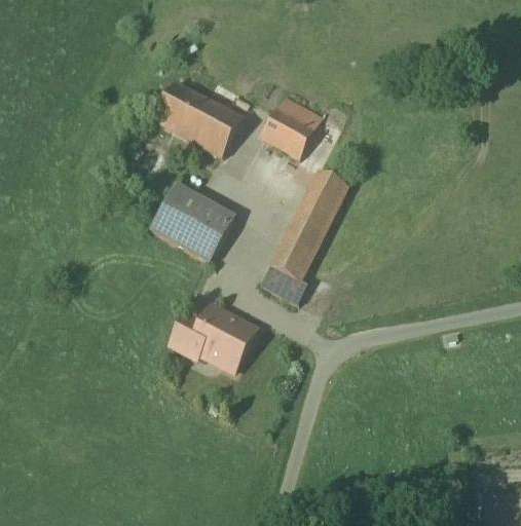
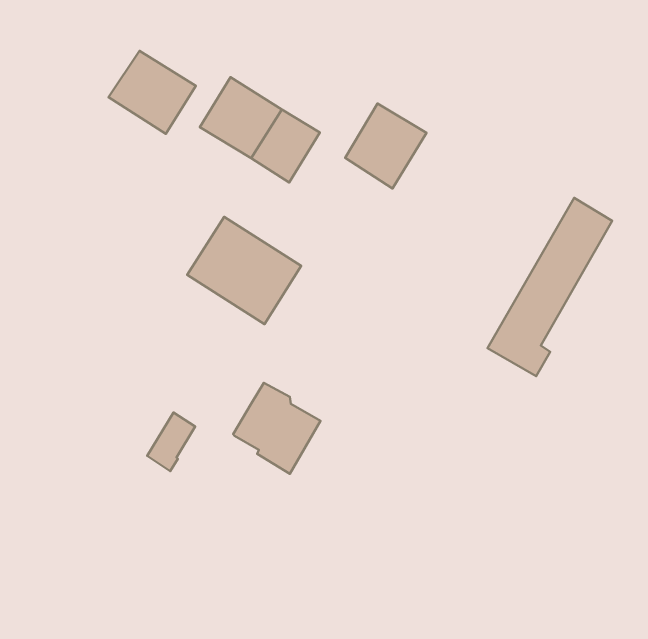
building: none -> [109,51,196,134]
building: [261,170,347,302] -> [487,198,612,376]
building: [170,310,203,353] -> [147,413,195,471]

